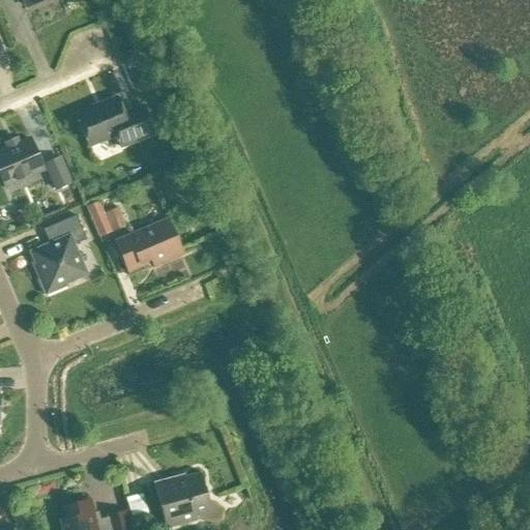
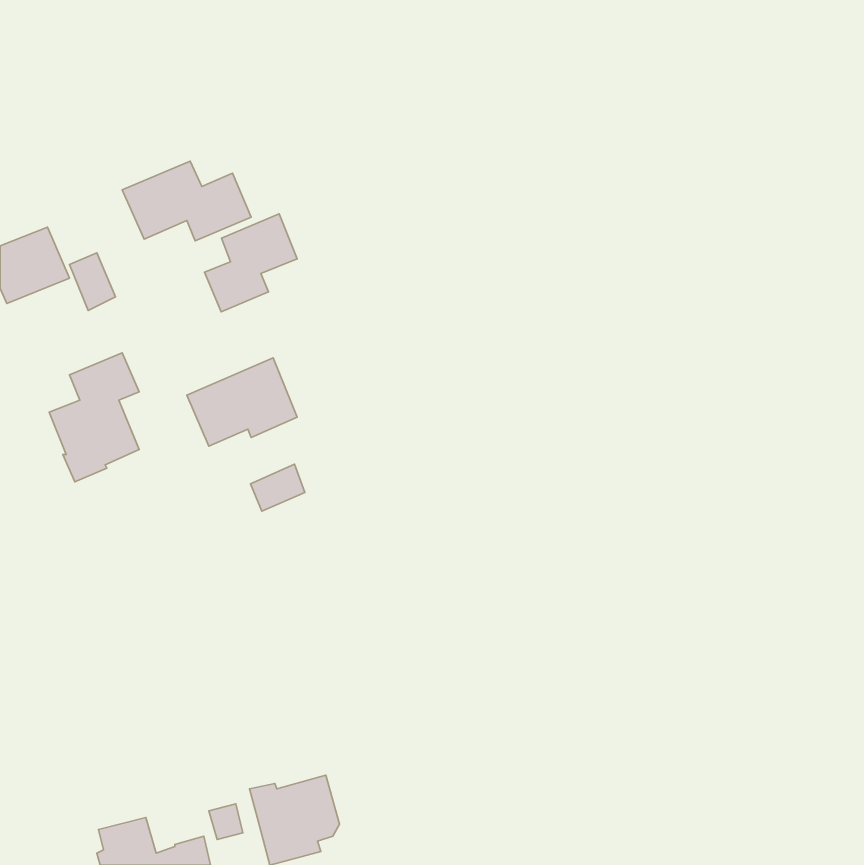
building: none -> [204,214,297,312]
building: [87,200,126,235] -> none
building: none -> [251,464,305,511]

